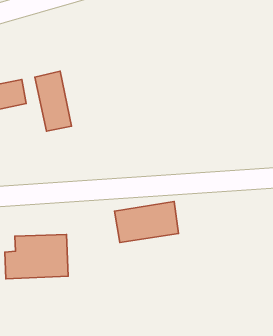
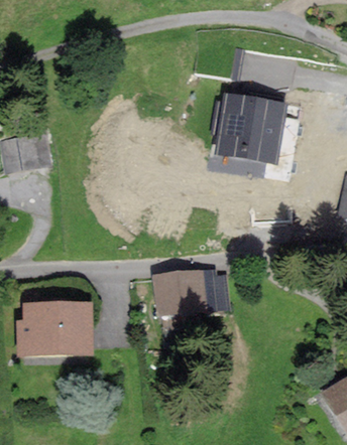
building: none -> [220,100,281,160]
building: [35,71,72,131] -> none

